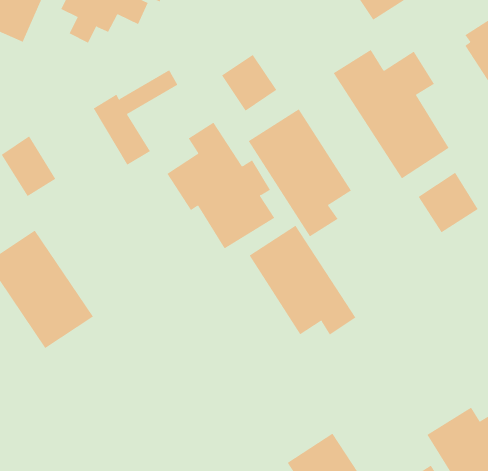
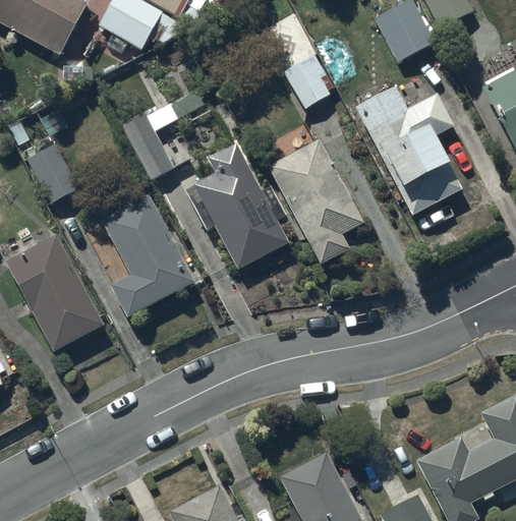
building: [221,54,277,111] -> [283,53,336,108]
building: [418,172,479,233] -> none
building: none -> [104,196,194,316]
building: [249,225,356,335] -> none

